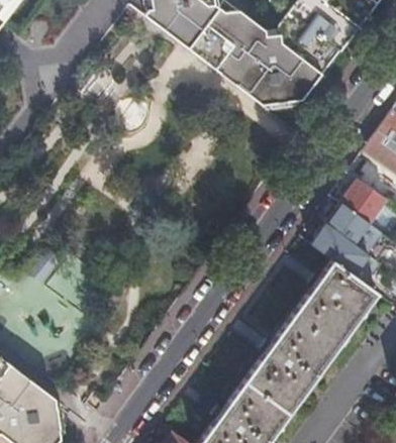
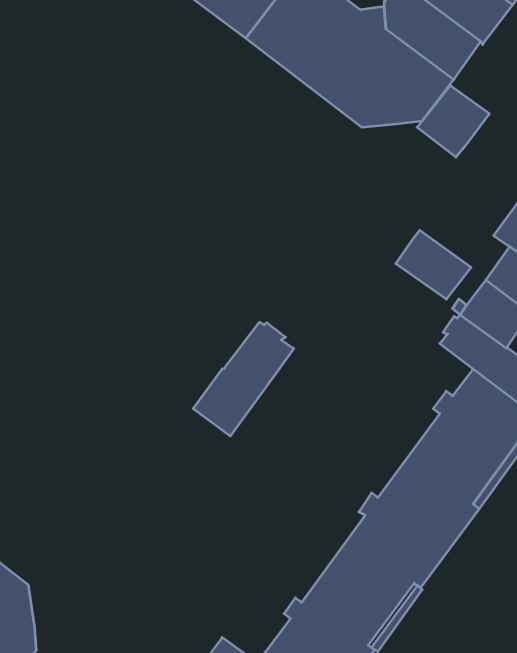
building: none -> [417,85,489,157]
building: none -> [396,230,471,299]
building: none -> [193,322,294,436]

